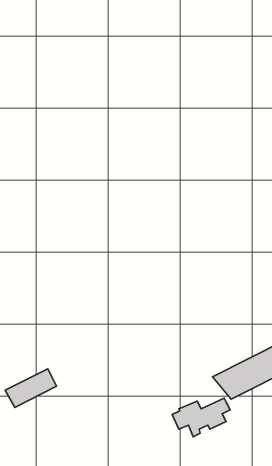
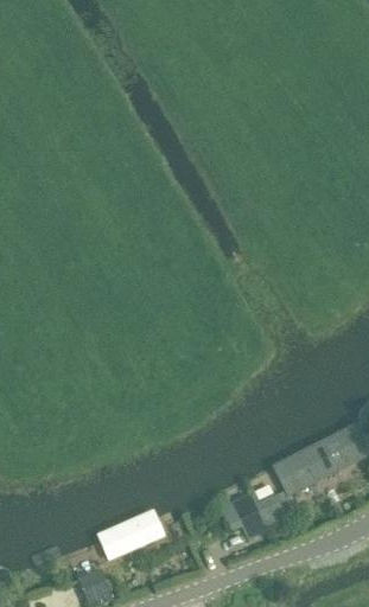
building: [5,369,56,408] -> [97,506,160,554]

